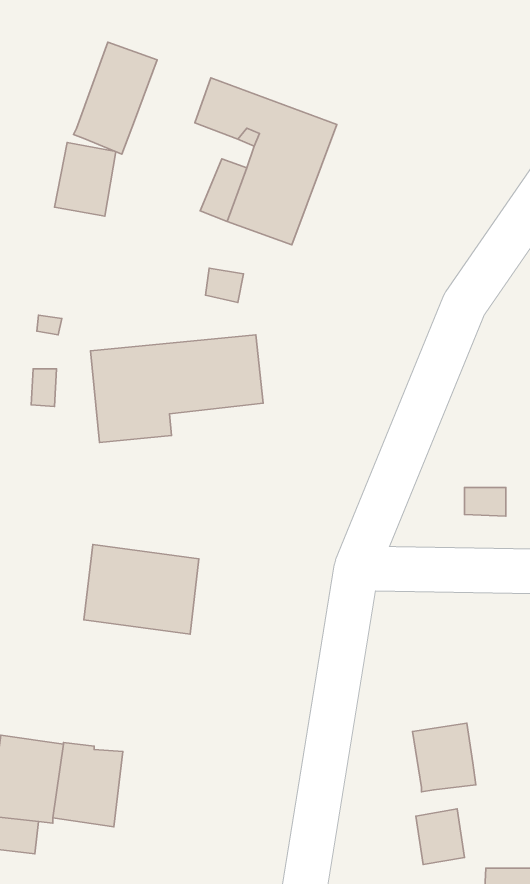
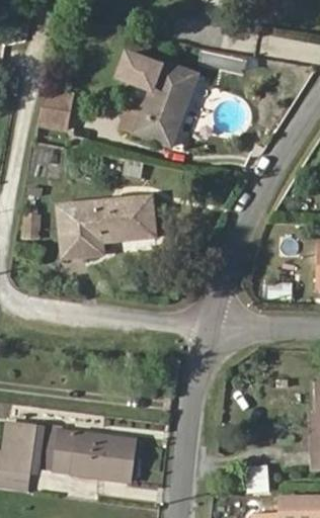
building: [74,42,157,154] -> none
building: [84,544,199,634] -> [71,432,136,483]
building: [412,723,476,792] -> none

